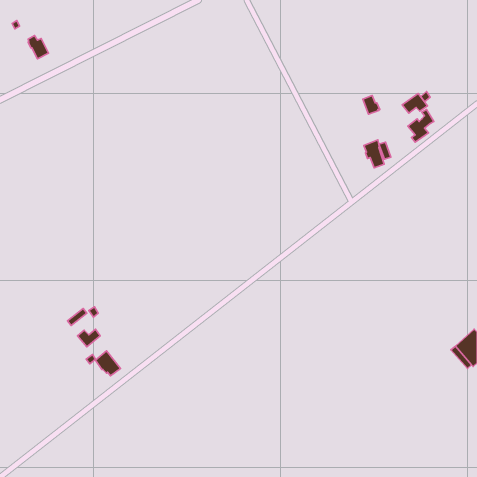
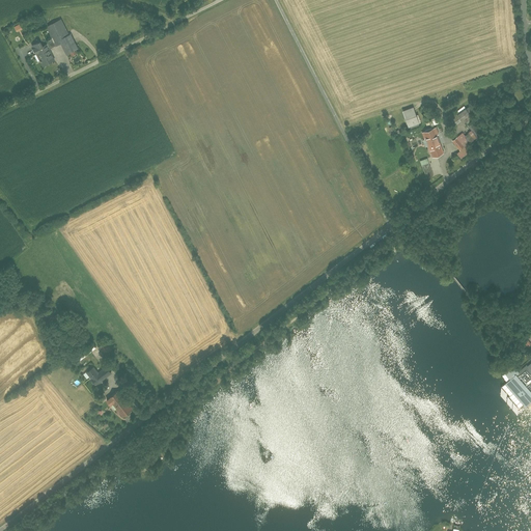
building: none -> [46,19,79,56]
building: [364,140,384,168] -> [421,127,444,158]

